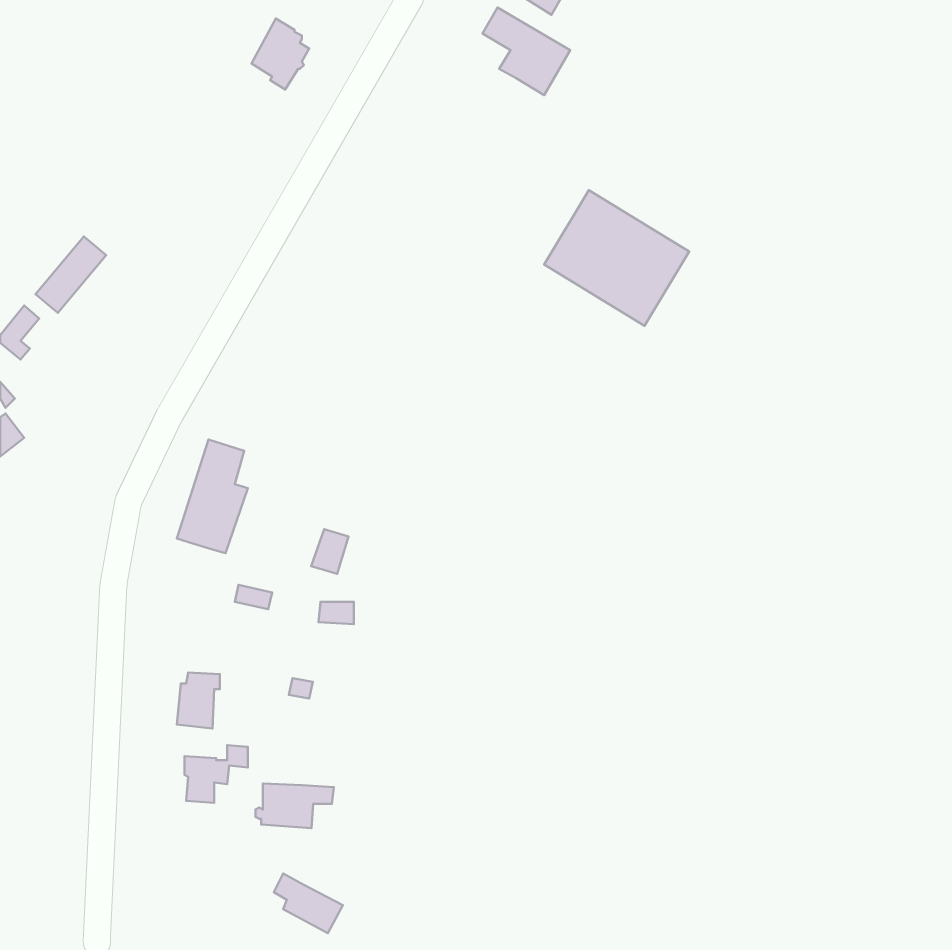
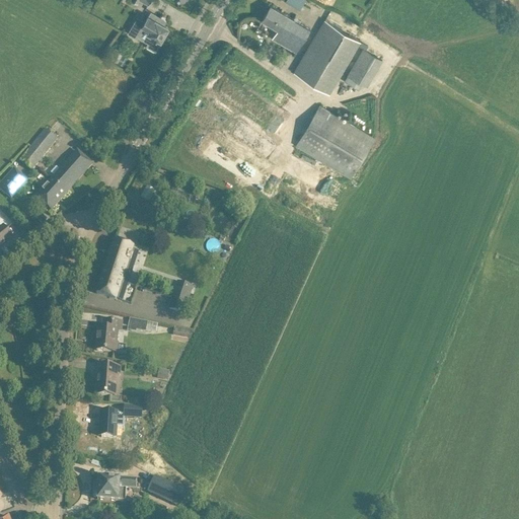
building: none -> [294,18,359,90]
building: none -> [345,47,383,88]
building: none -> [36,151,92,210]
building: none -> [96,320,122,352]
building: [255,783,334,828] -> [94,477,137,502]

